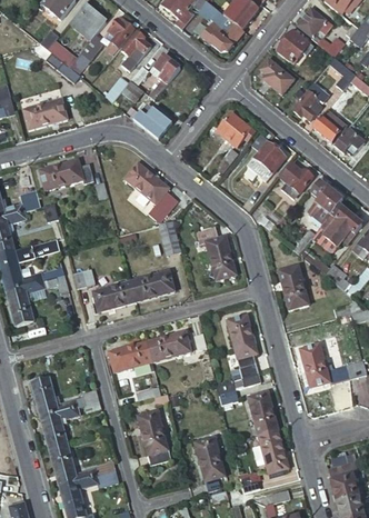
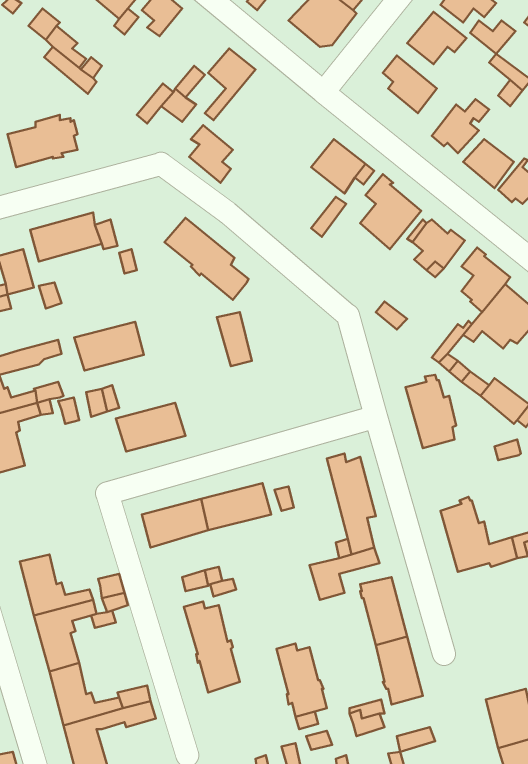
building: [121,32,150,71] -> none
building: [195,227,236,279] -> none
building: [129,270,173,301] -> [74,322,144,371]

